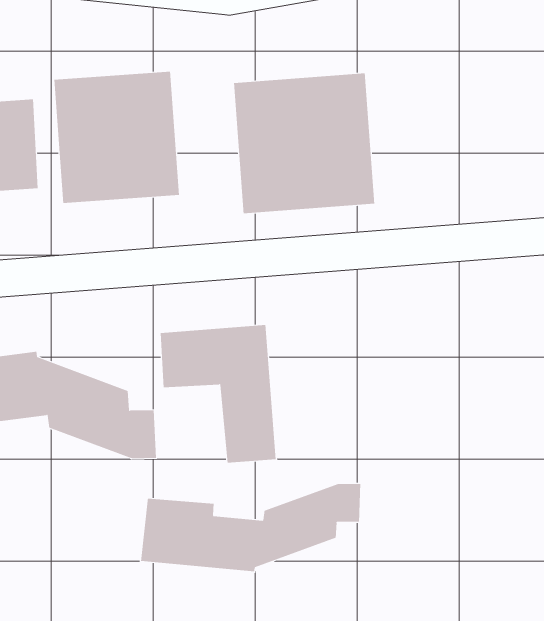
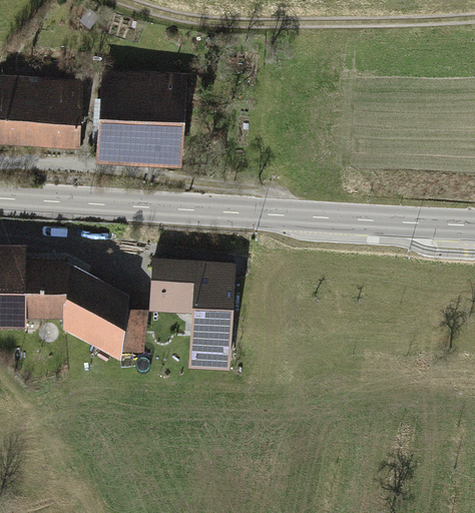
building: [234,72,375,214] -> none
building: [140,483,361,572] -> none

